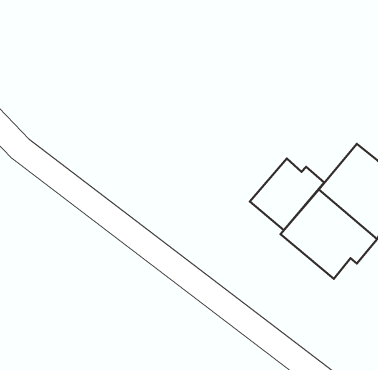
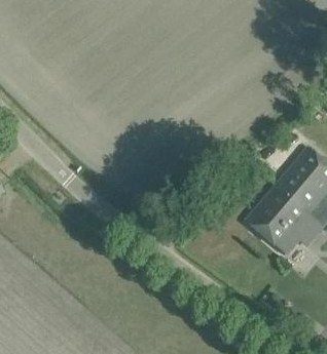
building: [250,159,324,230] -> none

